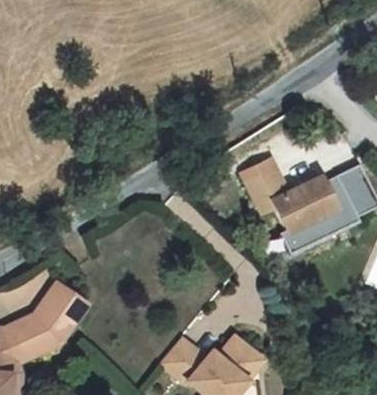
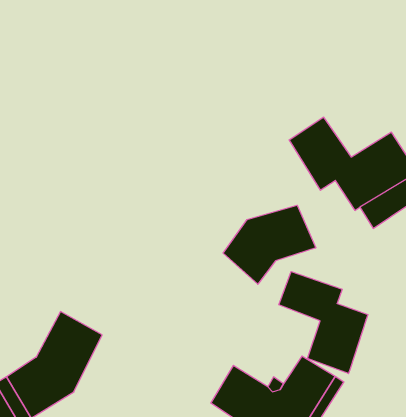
building: none -> [223,205,316,284]
building: none -> [279,272,368,374]

